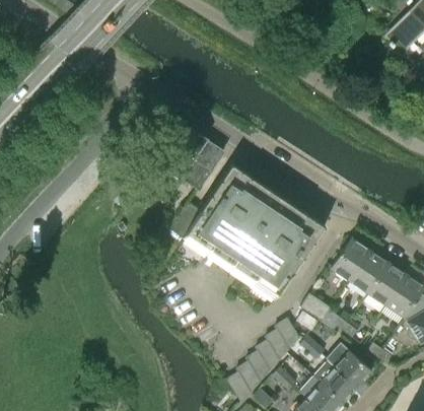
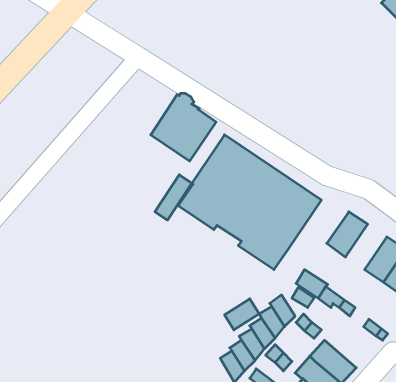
building: [348,250,387,293] -> none
building: none -> [225,299,259,330]
building: [326,343,372,388] -> none

